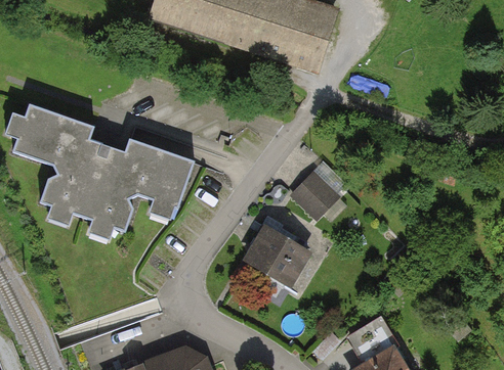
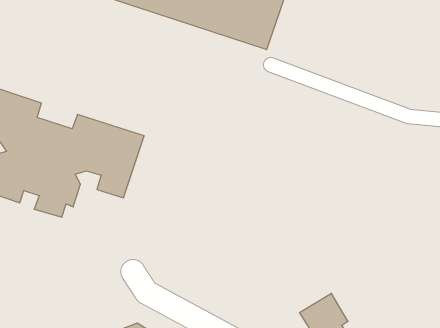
building: [290,173,337,220] -> none
building: [245,223,308,284] -> none

